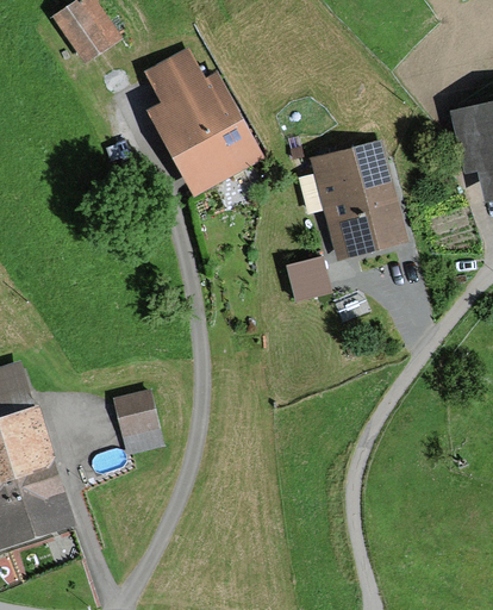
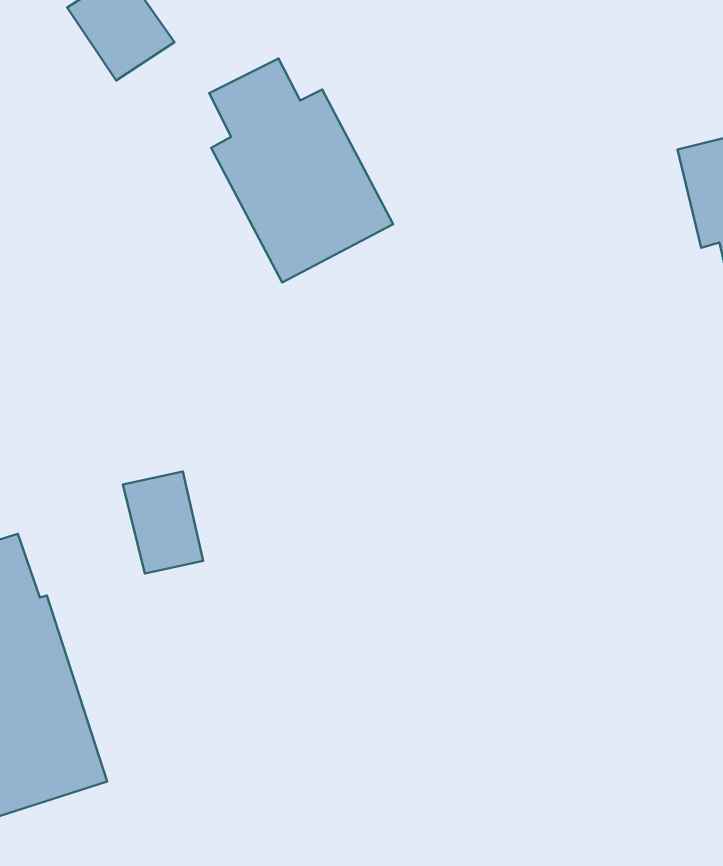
building: [298,138,410,262] -> none
building: [286,255,332,301] -> none
building: [112,390,164,456] -> [123,472,203,574]

